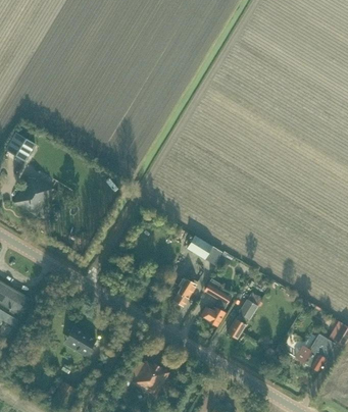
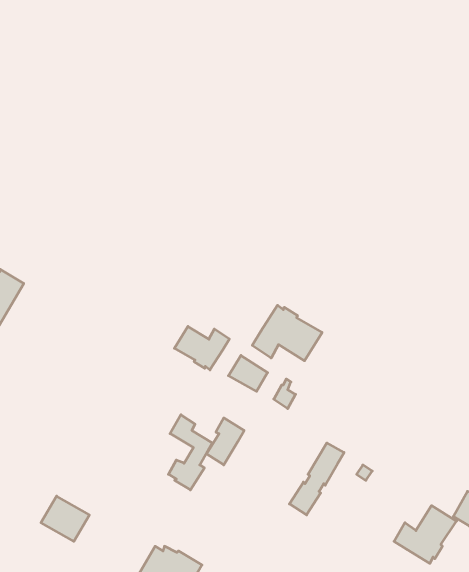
building: none -> [252,305,322,361]
building: none -> [174,326,229,370]
building: [202,278,231,327] -> [168,415,212,490]

